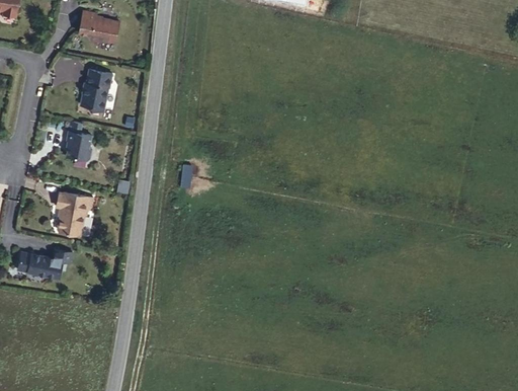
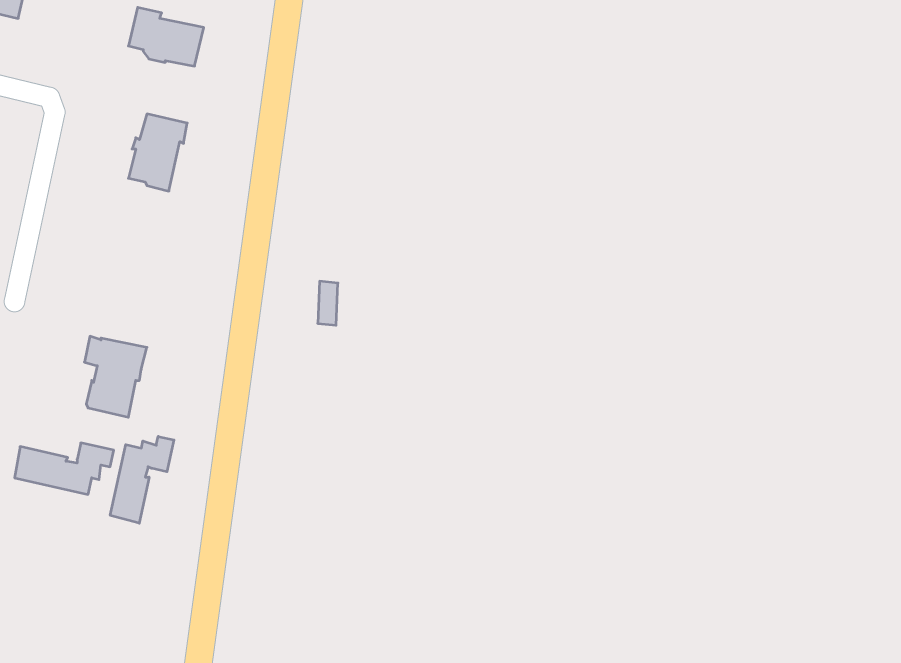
building: [64,121,91,160] -> none
building: none -> [110,436,174,523]

